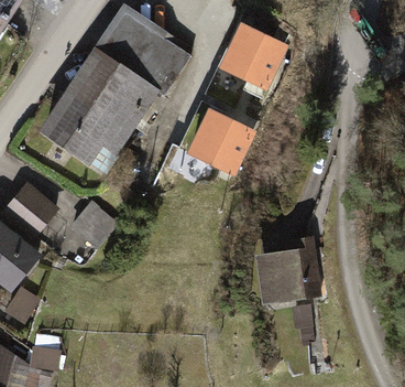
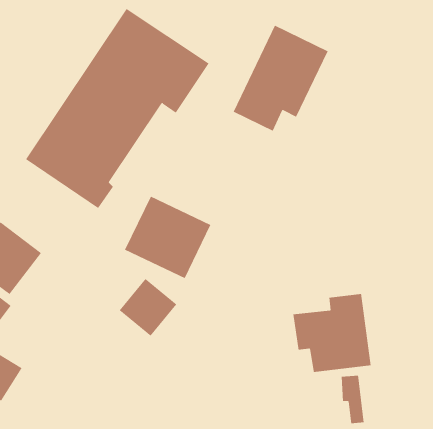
building: [185,108,254,174] -> [124,196,211,279]
building: [73,202,119,248] -> [119,278,177,336]

